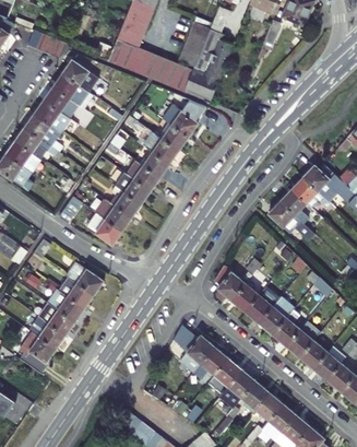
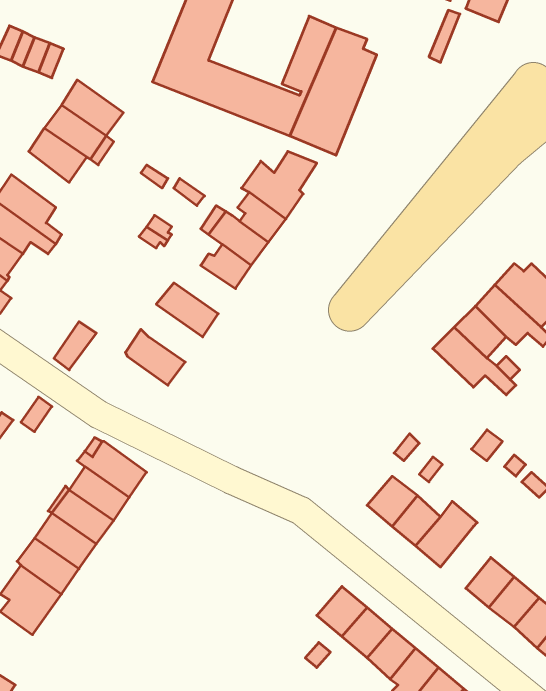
building: [28,99,63,131] -> none
building: [120,160,155,191] -> none
building: [106,186,136,219] -> none
building: [85,215,117,246] -> none
building: [212,264,243,299] -> none
building: [271,311,299,346] -> none
building: [179,331,215,372] -> none

